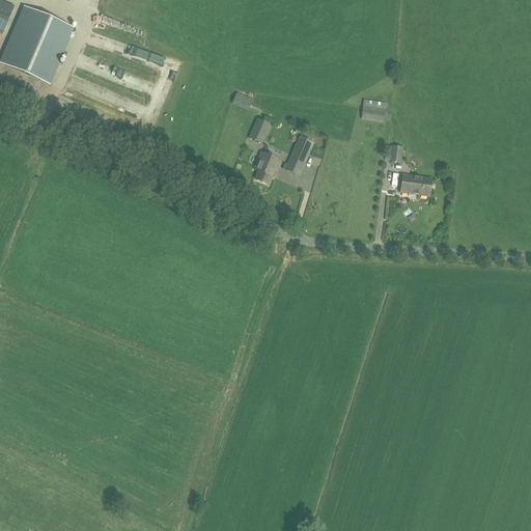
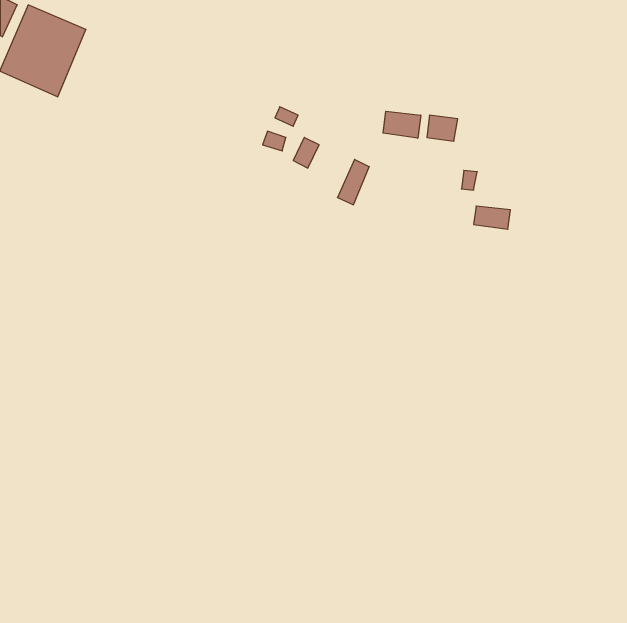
building: none -> [383,111,421,138]
building: [254,150,280,183] -> none

